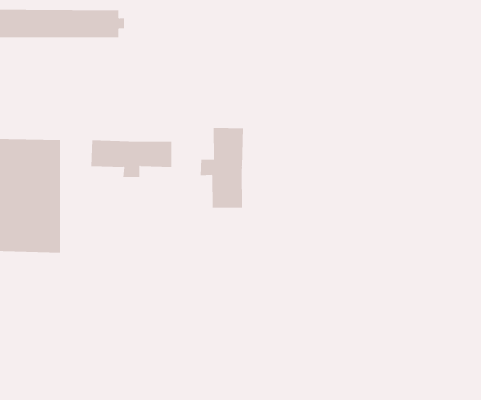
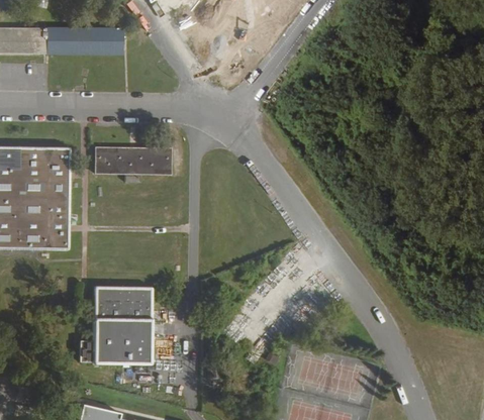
building: [200,127,244,209] -> none
building: none -> [78,287,151,365]

